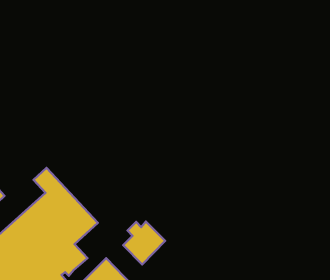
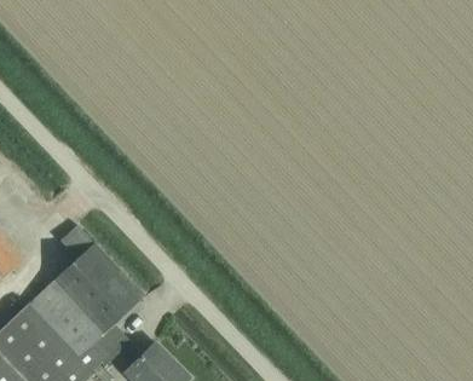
building: [123,222,165,264] -> none

